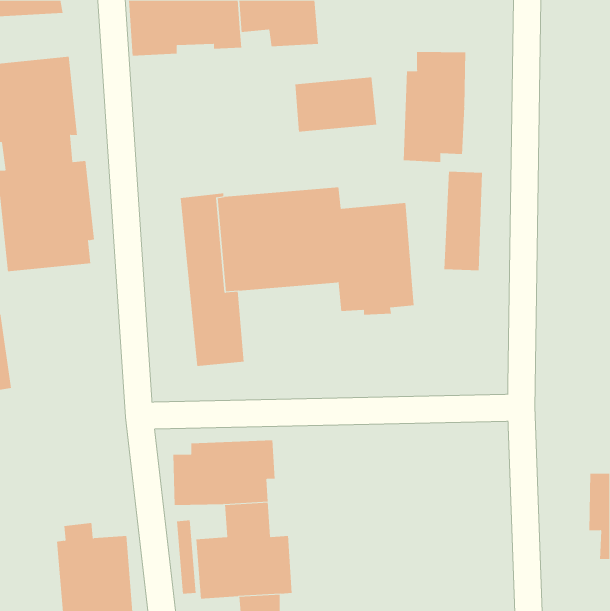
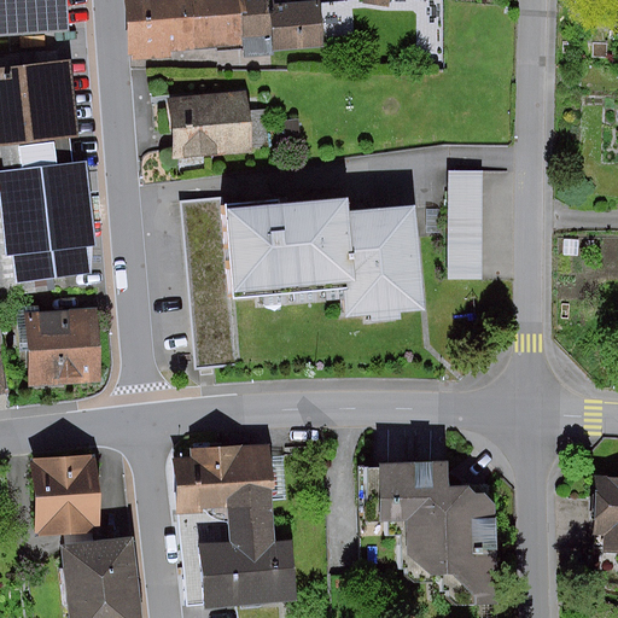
building: [403,51,466,163] -> none
building: [294,77,377,132] -> [162,98,245,153]
building: none -> [25,310,101,385]
building: none -> [30,453,101,534]
building: none -> [368,465,495,576]

